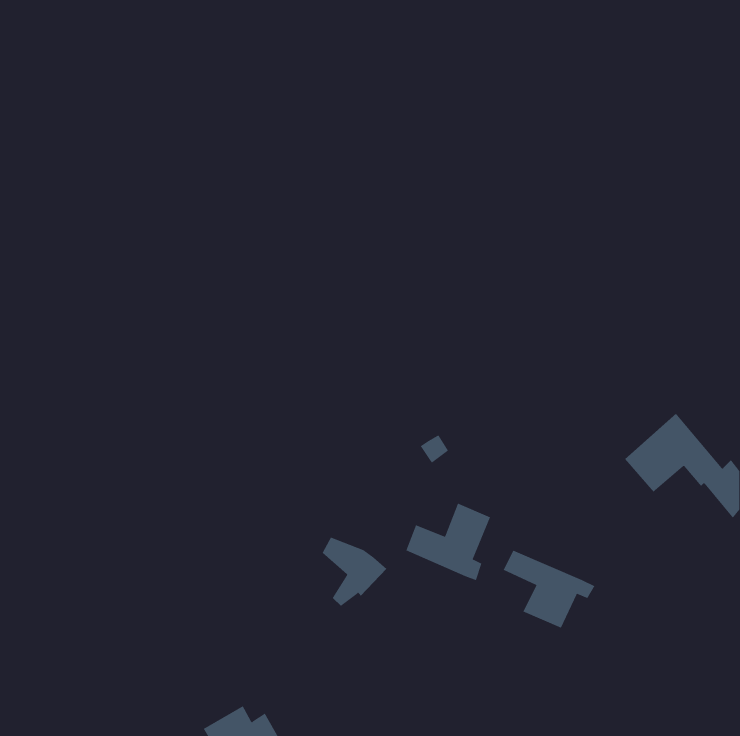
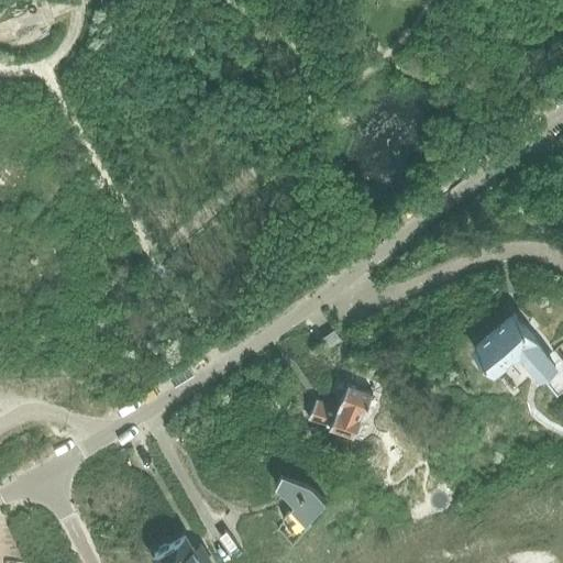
building: [322,537,387,607] -> [275,475,324,528]
building: [503,550,595,629] -> none

